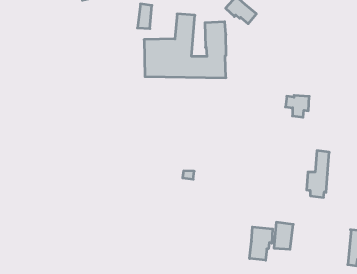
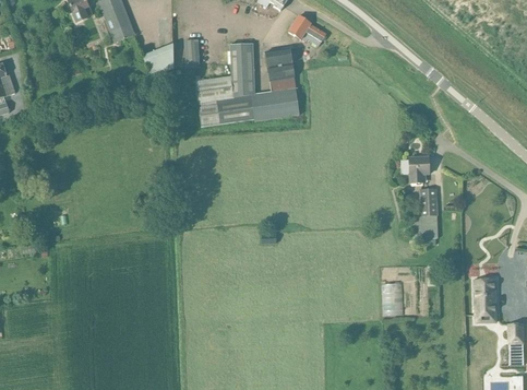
building: none -> [143,44,173,76]
building: [285,95,309,117] -> [402,156,430,182]
building: [250,227,273,260] -> none

